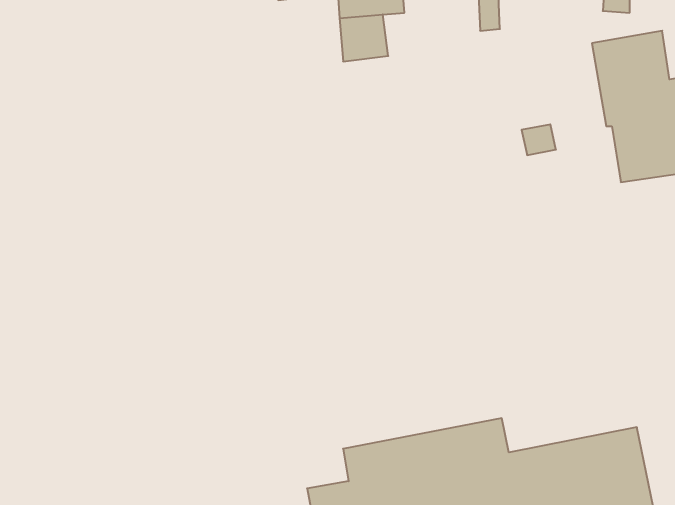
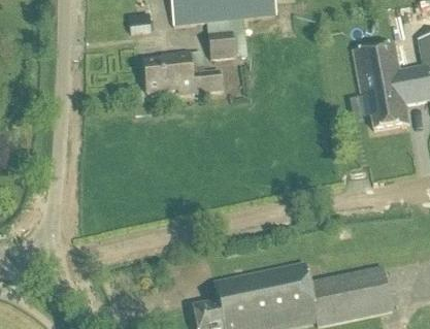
building: none -> [144,52,222,93]

